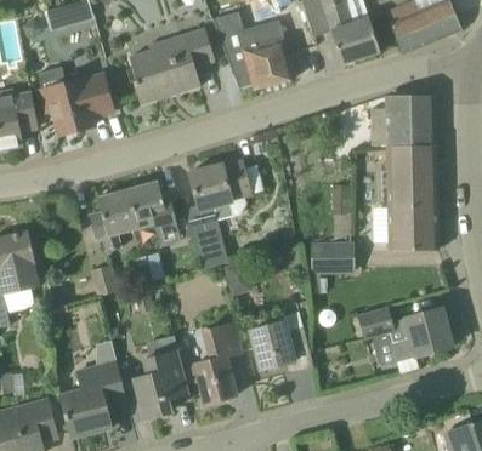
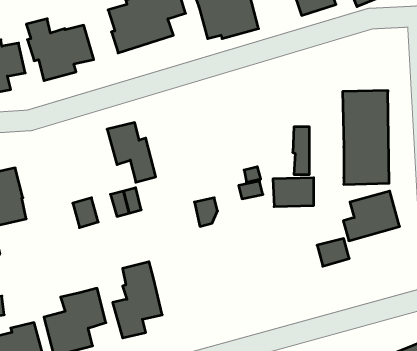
building: [385,95,436,147] -> none
building: [185,158,251,269] -> none
building: [89,188,138,250] -> none
building: [390,307,452,361] -> [343,191,400,241]
building: [249,320,313,371] -> none
building: [193,322,243,403] -> none

